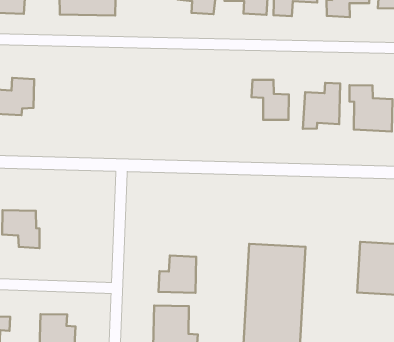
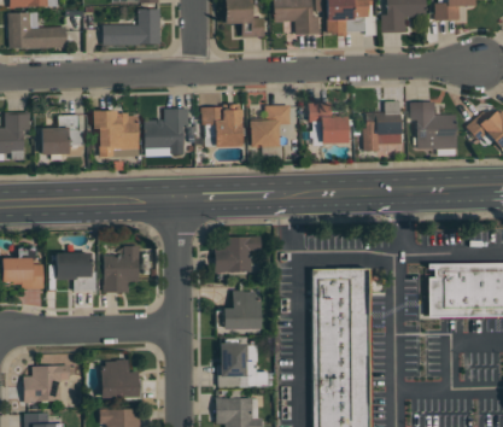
building: none -> [93,110,139,156]
building: none -> [201,105,242,147]
building: none -> [145,109,189,154]
building: none -> [248,104,289,147]
building: none -> [215,235,261,271]
building: none -> [104,245,140,292]

